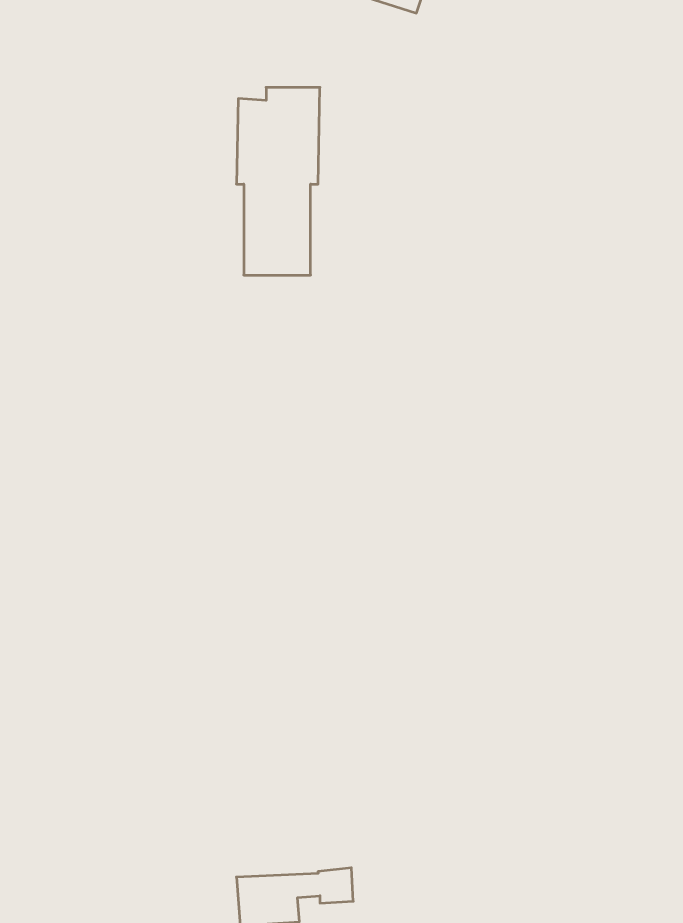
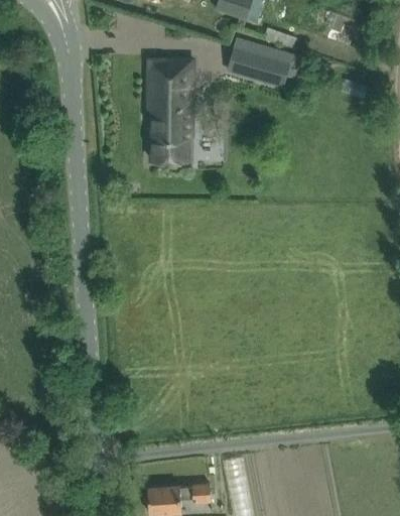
building: none -> [227,37,301,88]

